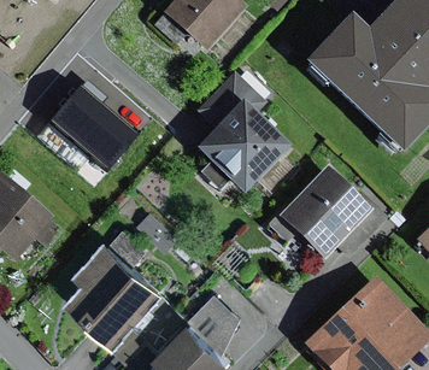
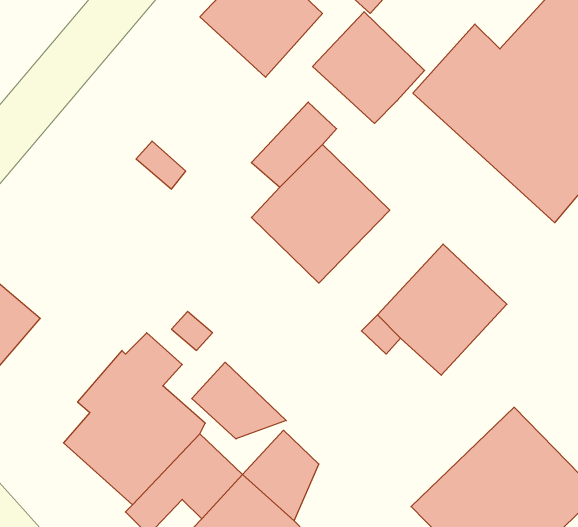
building: none -> [313,12,425,123]
building: [41,92,117,168] -> none
building: none -> [192,362,286,439]

